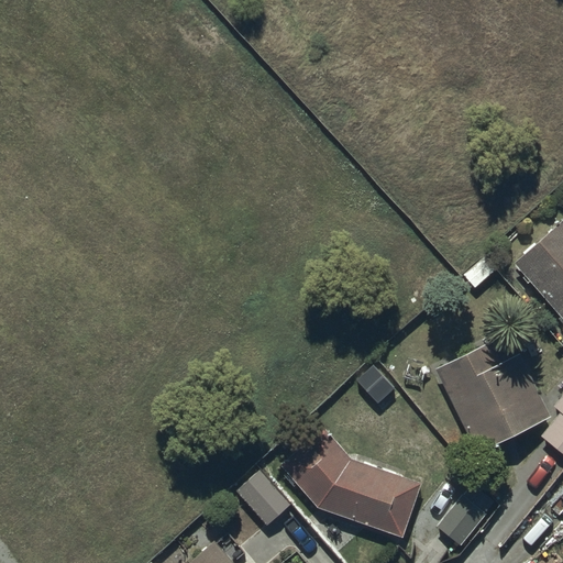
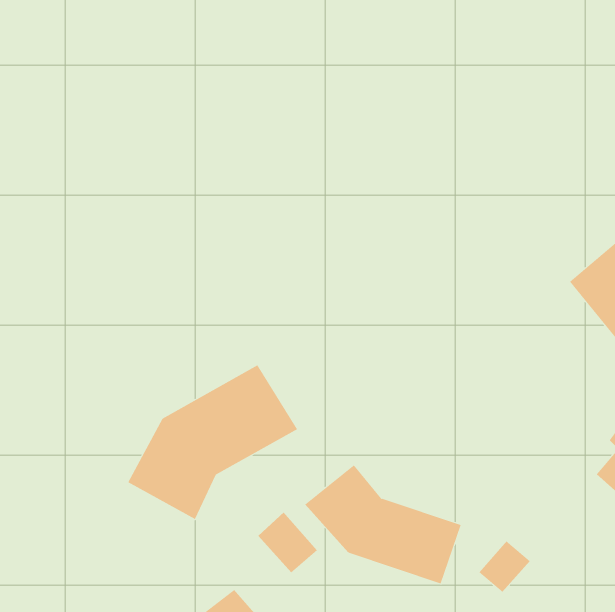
building: [435,333,551,454] -> none
building: none -> [128,364,298,520]

